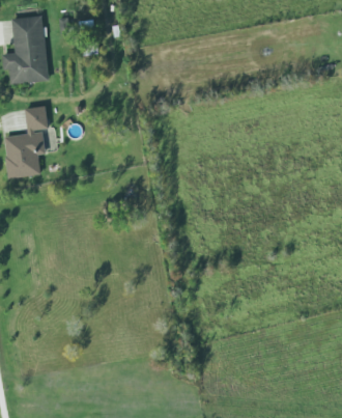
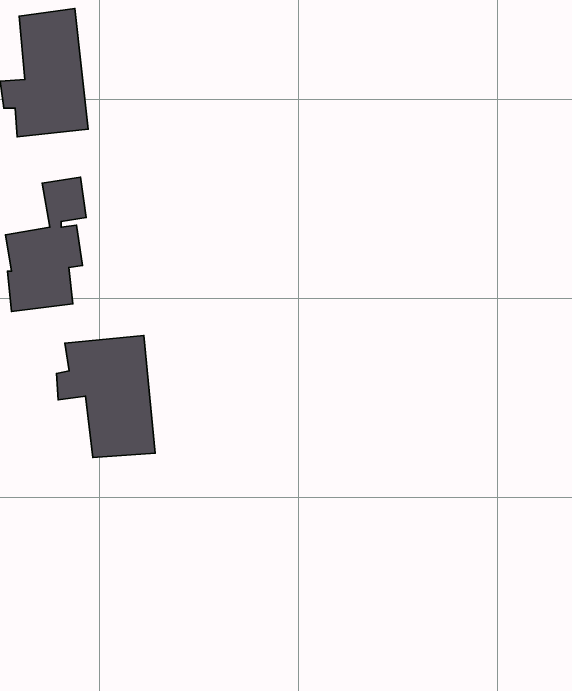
building: none -> [56,335,155,458]

